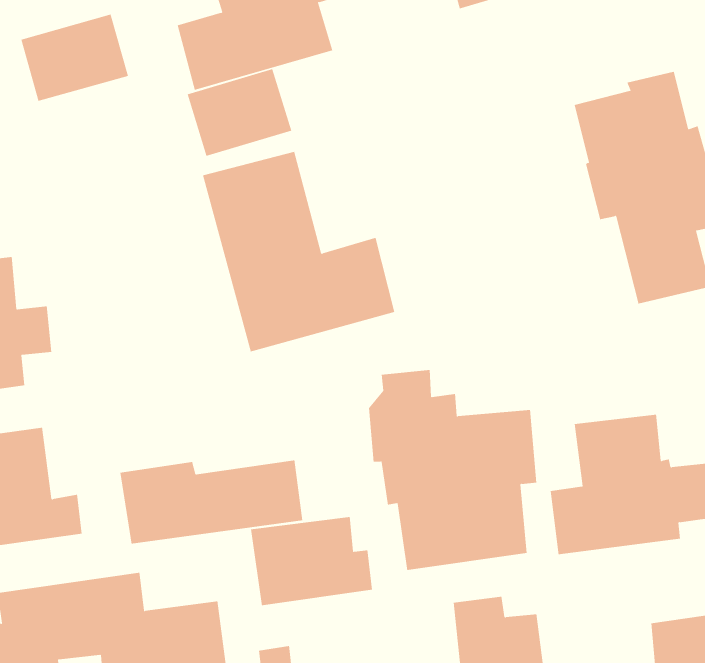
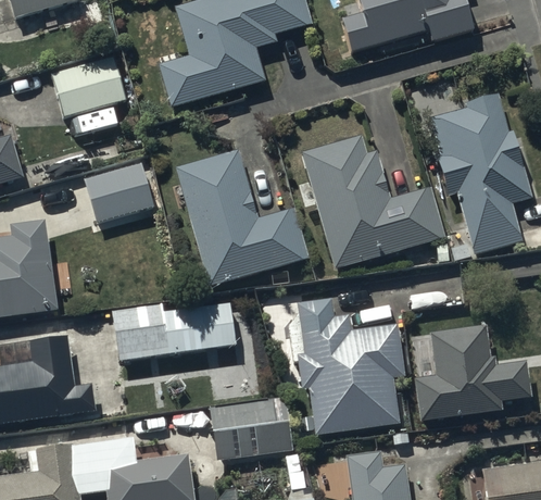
building: [187,69,292,156] -> [84,161,155,221]
building: none -> [301,135,445,268]
building: [120,460,303,544] -> [111,302,236,360]

